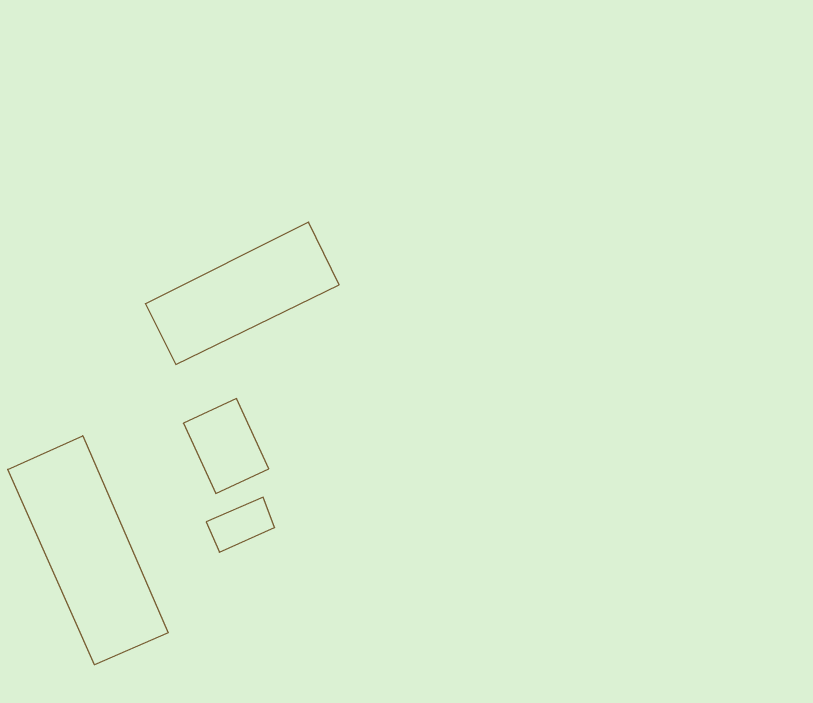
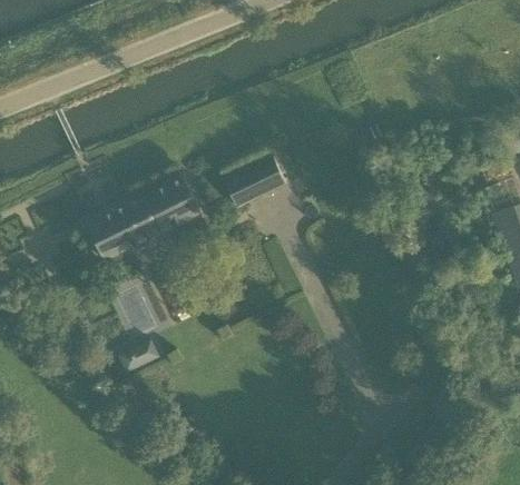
building: none -> [225,157,287,207]
building: [8,436,168,665] -> none

